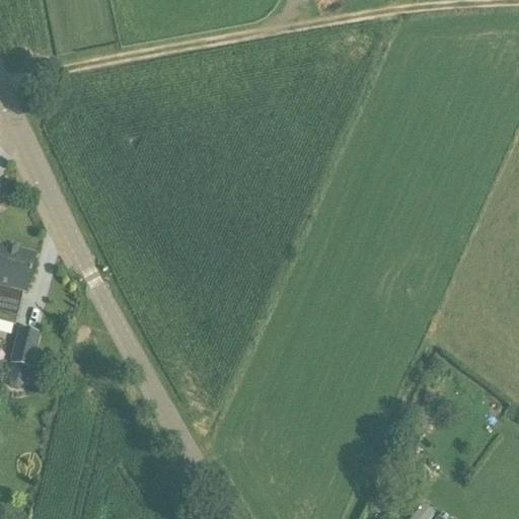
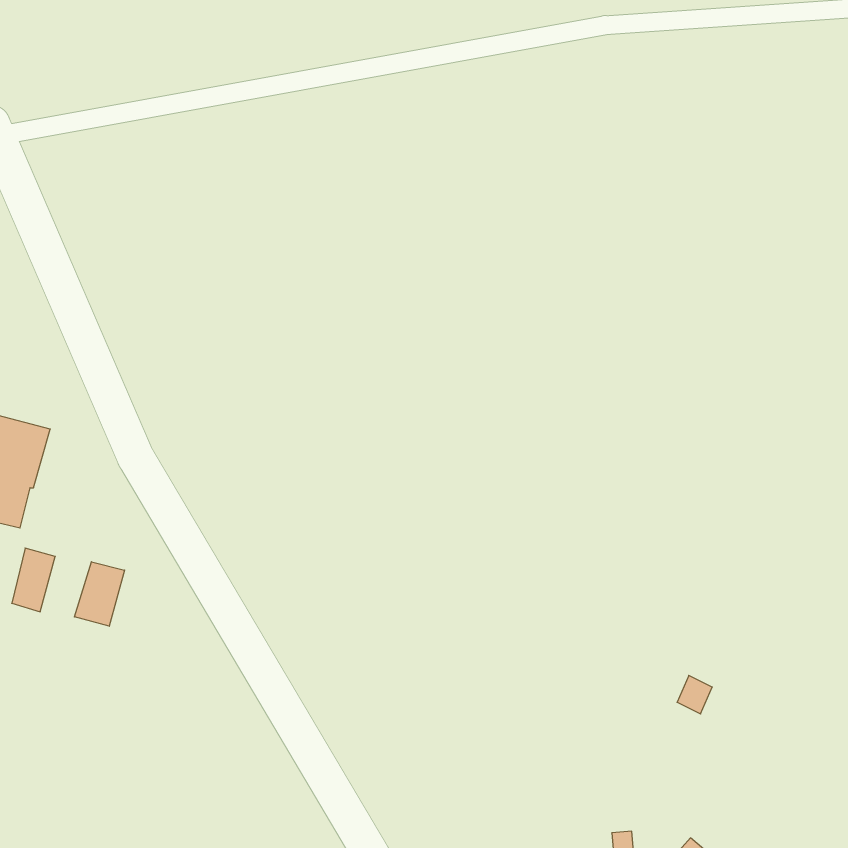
building: none -> [74,562,125,626]

